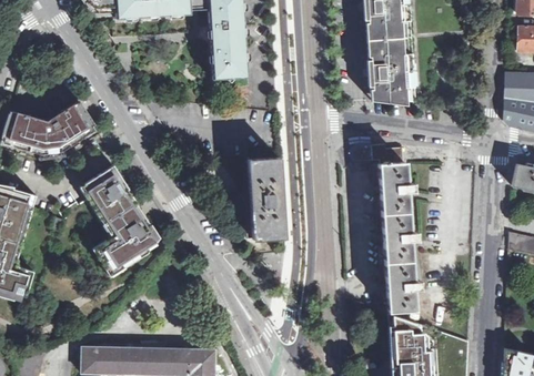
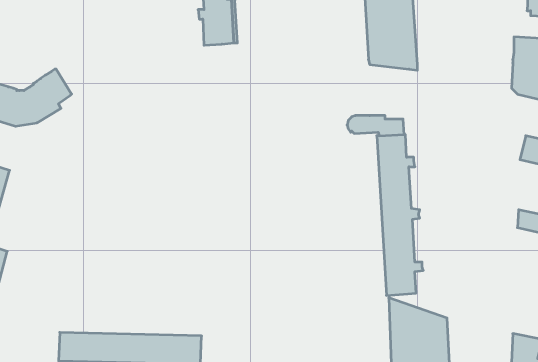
building: [246,157,284,238] -> none
building: [84,165,159,276] -> none

